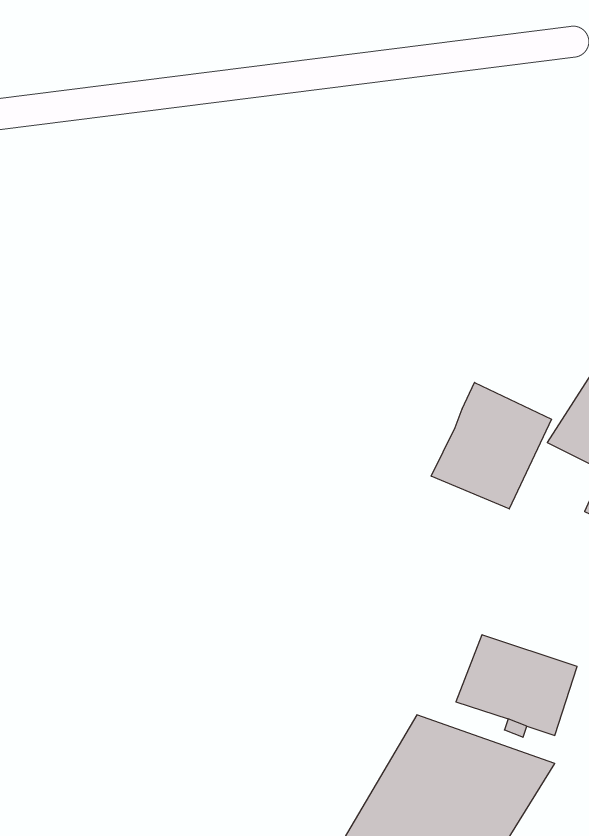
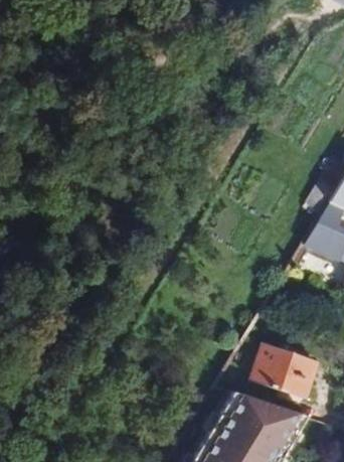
building: [431,382,551,509] -> none

